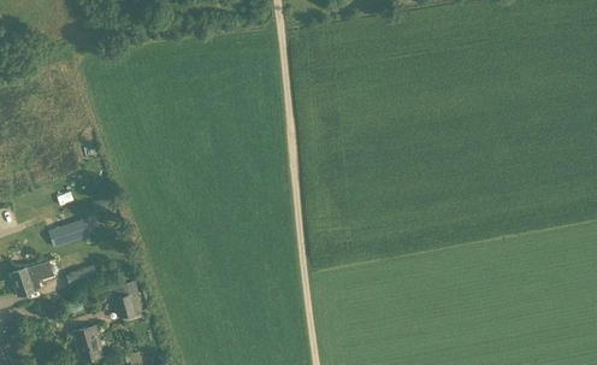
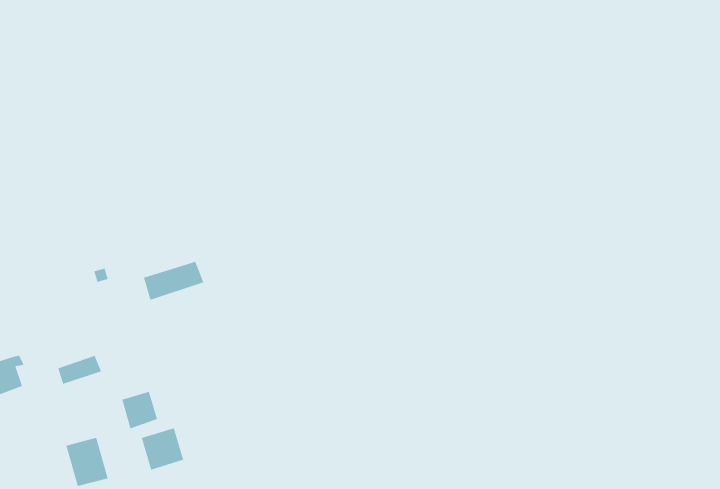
building: [49,217,94,246] -> [143,261,204,301]
building: none -> [141,427,184,470]

